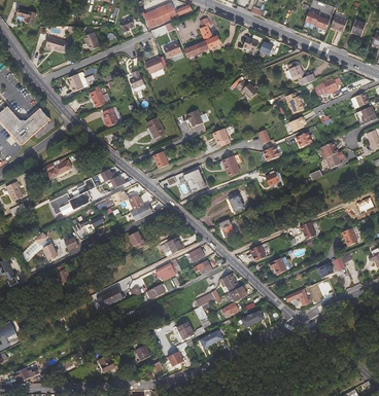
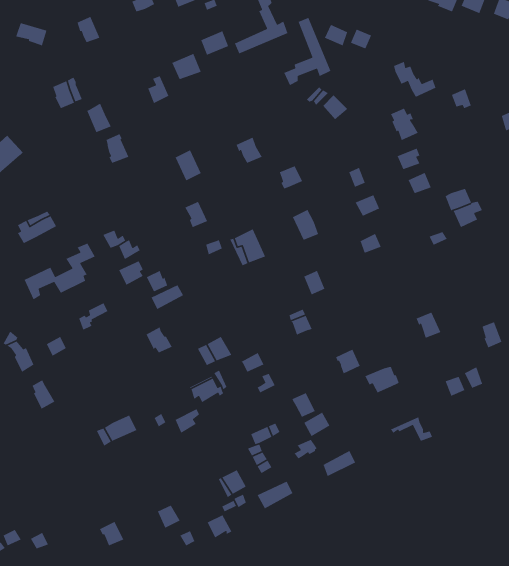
building: none -> [283,17,332,86]

